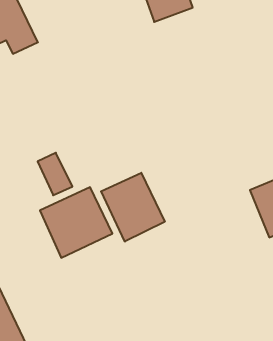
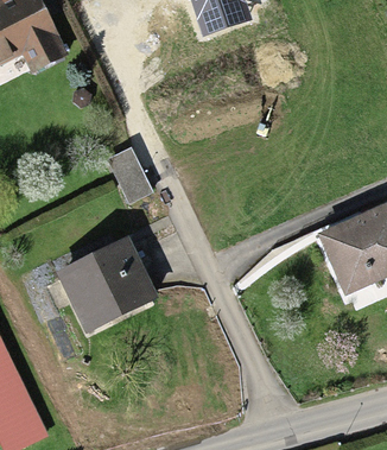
building: [38,153,72,195] -> [109,150,152,202]
building: [101,173,165,242] -> none

